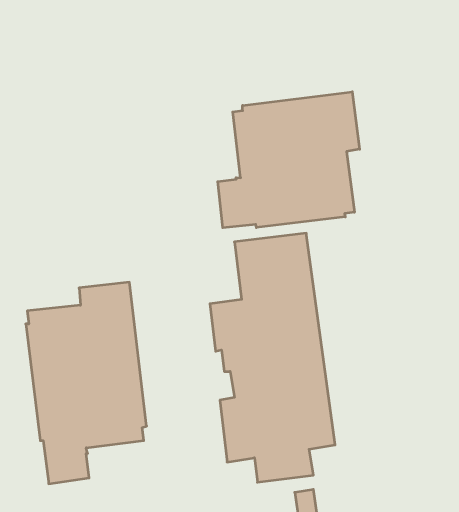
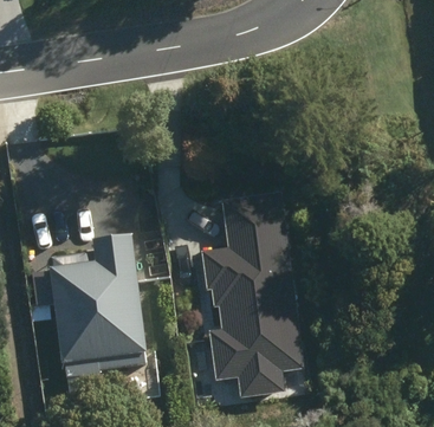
building: [218,92,360,228] -> none

